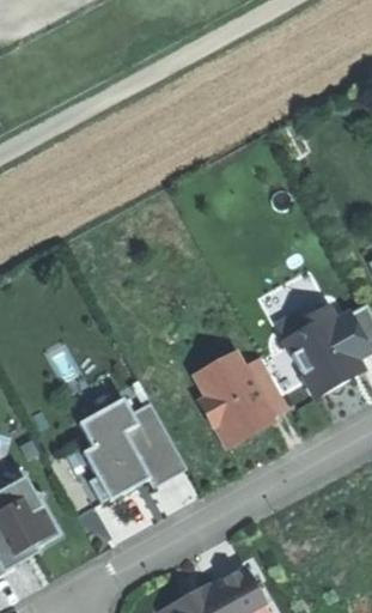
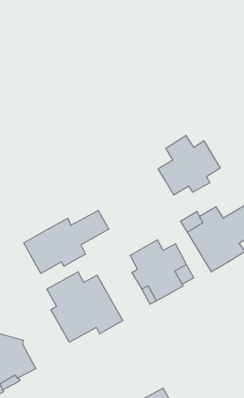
building: none -> [158,135,220,195]
building: none -> [24,210,109,273]

